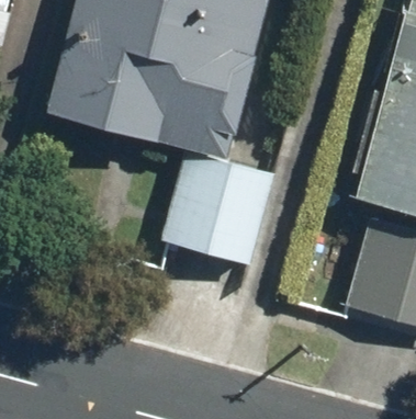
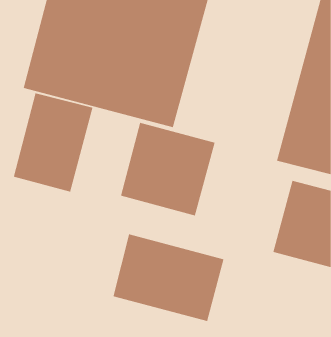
building: none -> [13,93,93,192]
building: none -> [113,233,224,322]

